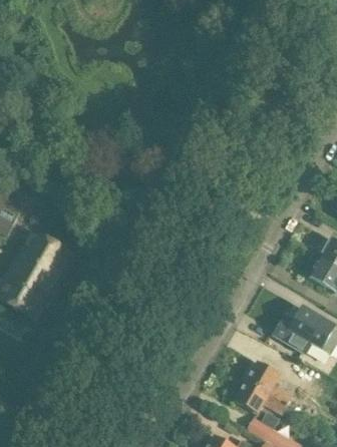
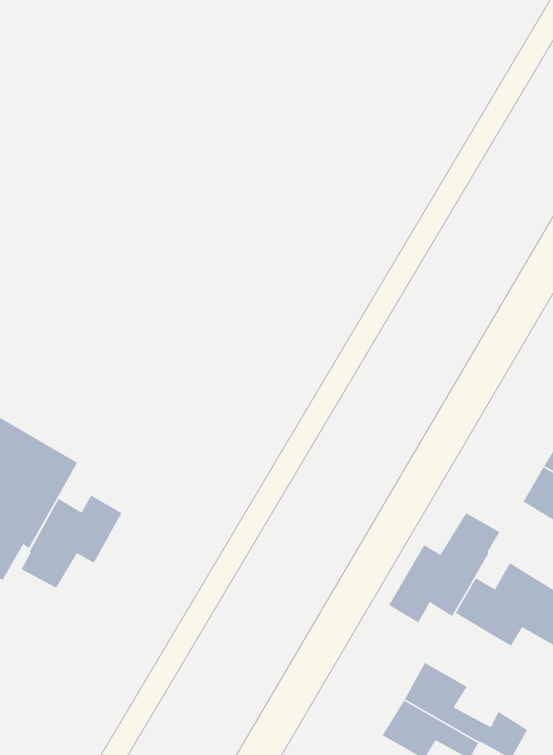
building: none -> [20,495,122,589]
building: none -> [388,512,500,624]

